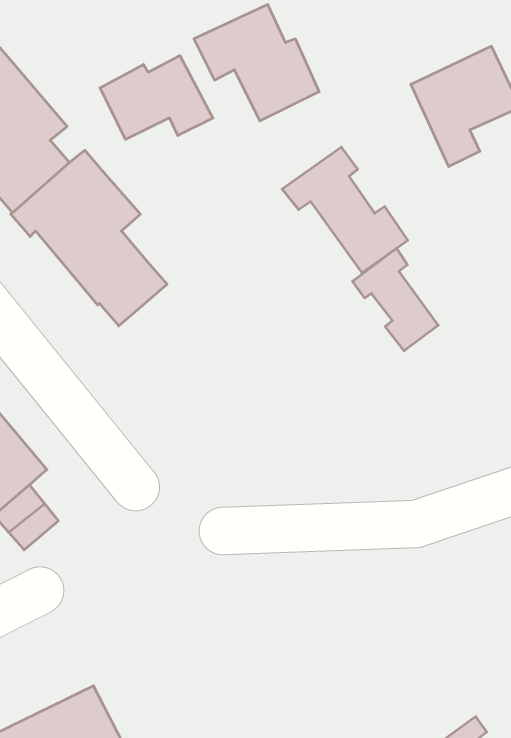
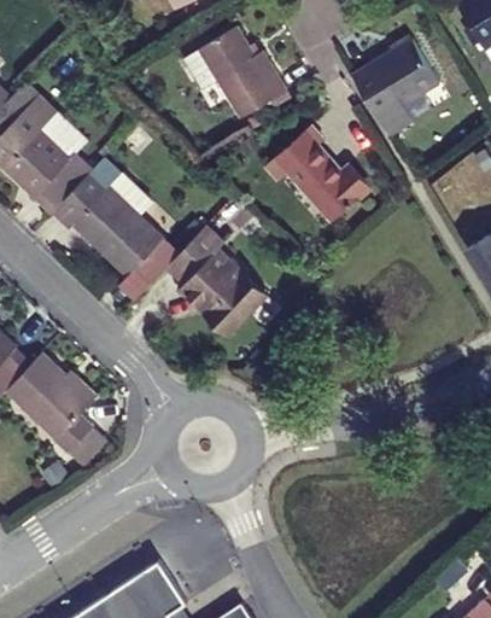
building: [100,56,213,139] -> none
building: [353,248,438,351] -> none
building: none -> [168,223,264,332]

